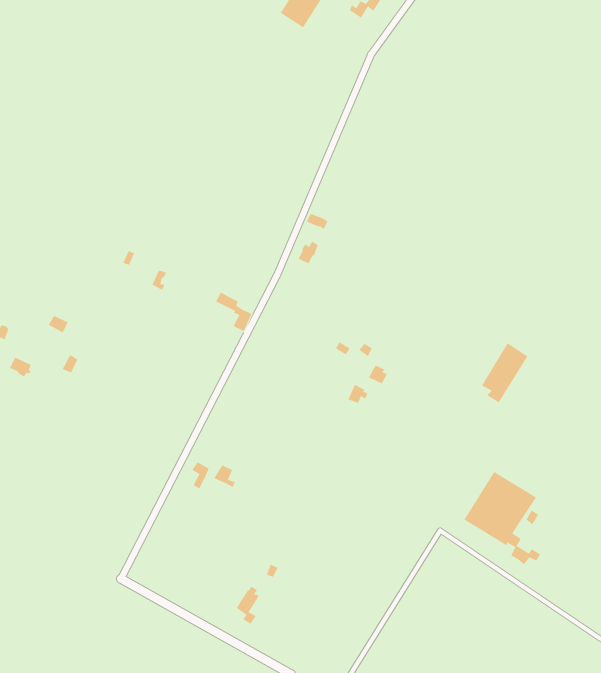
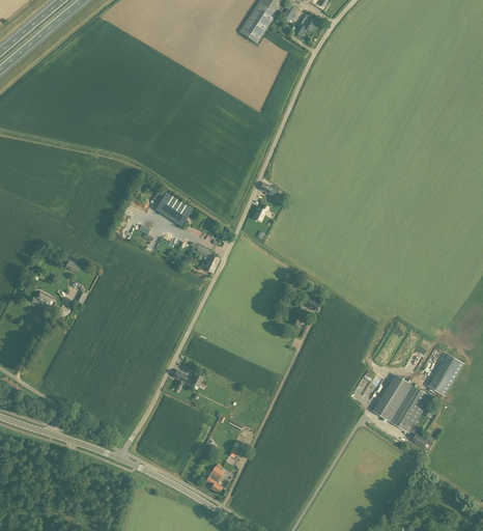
building: none -> [152,190,190,225]
building: [481,343,528,403] -> [426,353,461,398]

